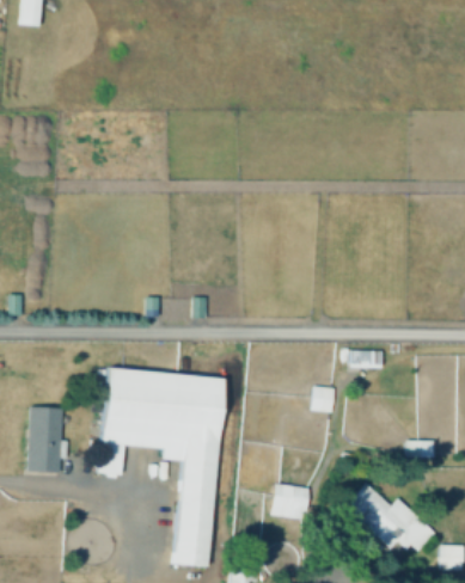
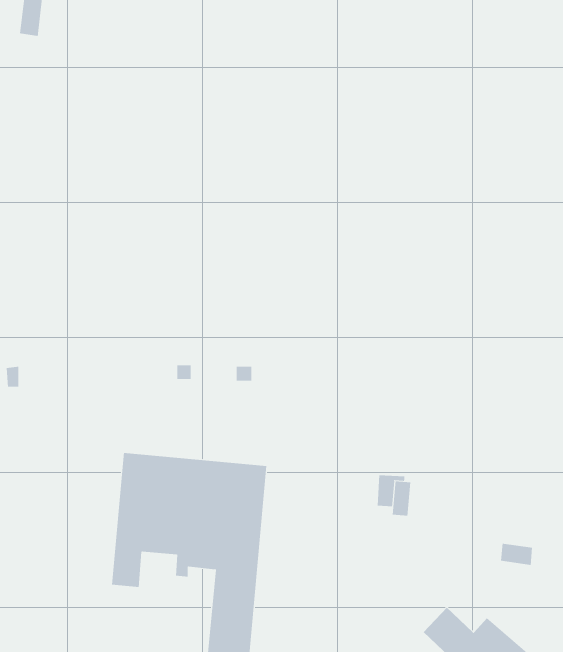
building: [347,349,379,366] -> none
building: [30,409,65,472] -> none
building: [274,484,311,517] -> none

